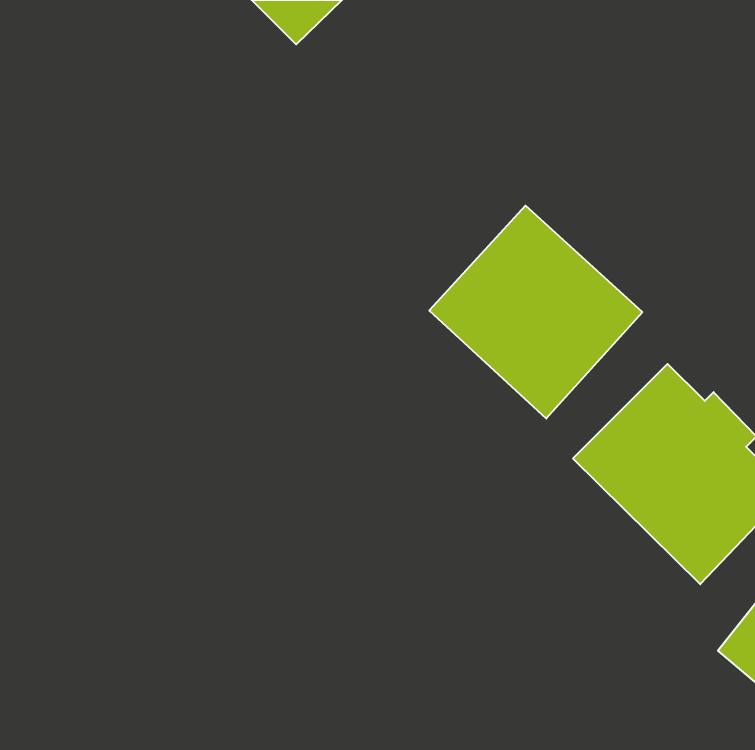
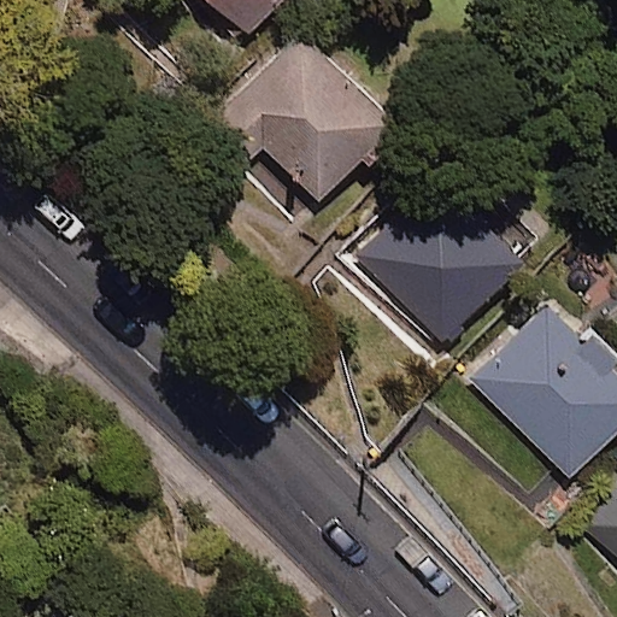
building: none -> [225,34,394,202]

